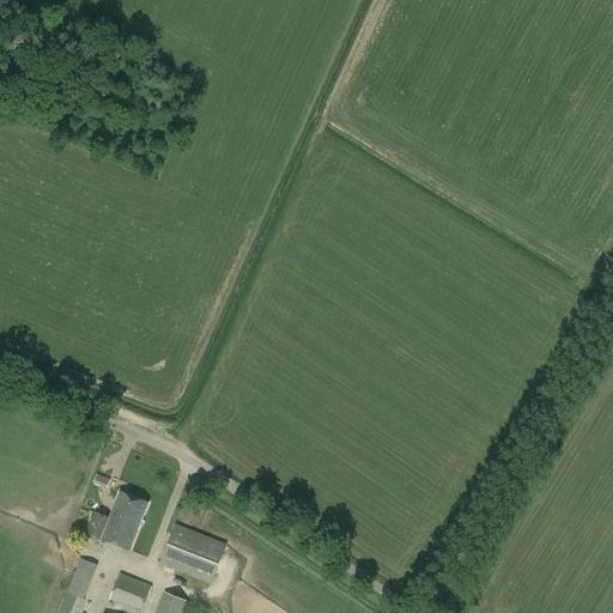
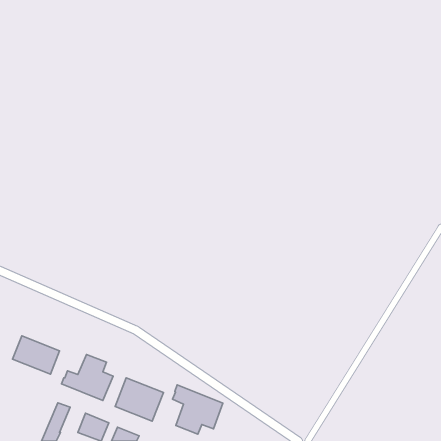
building: none -> [12,336,60,374]
building: none -> [172,385,223,434]

